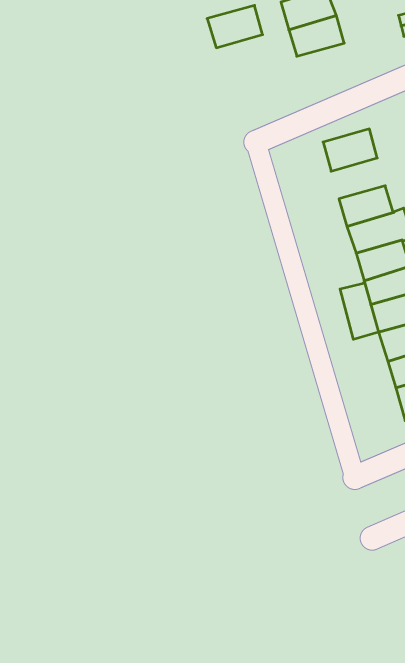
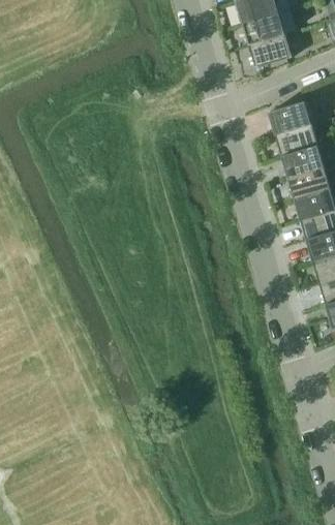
building: [207,5,263,48] -> [248,34,292,67]
building: none -> [275,124,317,156]
building: [340,282,379,339] -> none

